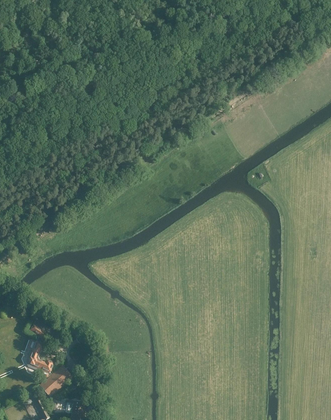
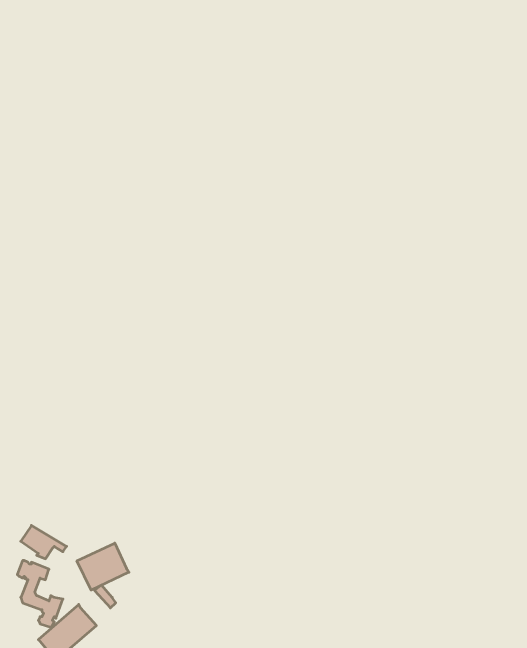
building: none -> [77,543,129,590]

